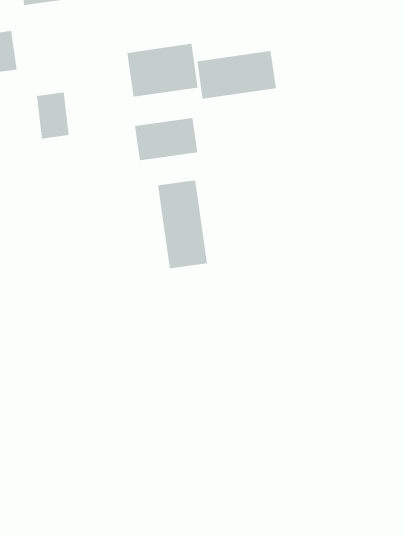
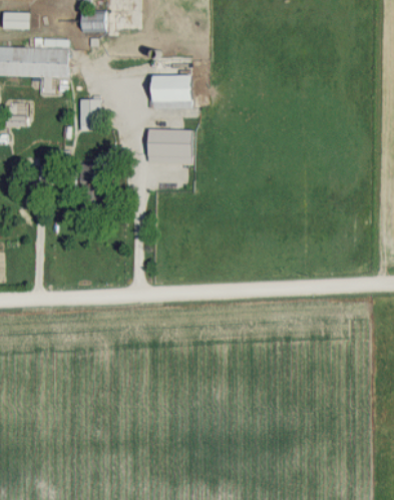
building: [197,50,276,100] -> none
building: [157,179,207,269] -> none

